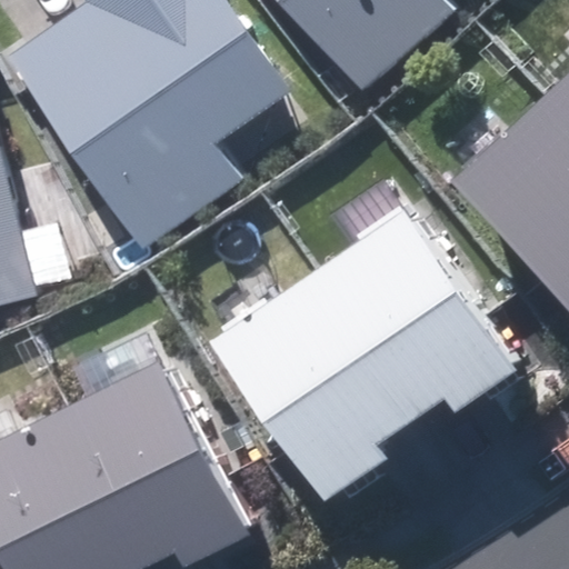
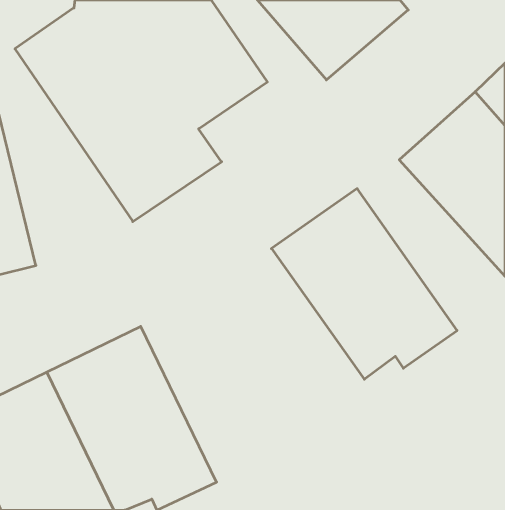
building: [210,277,406,500] -> none

